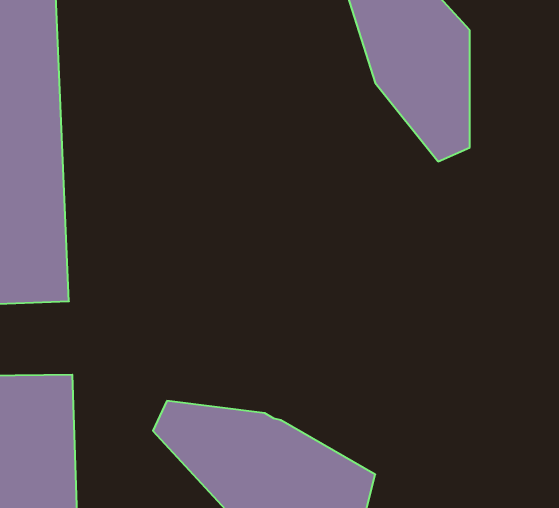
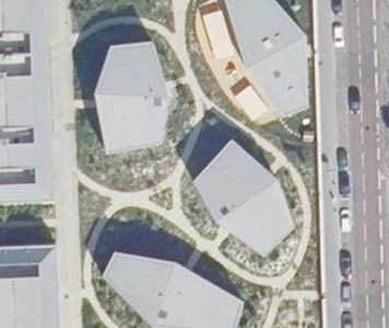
building: none -> [95,42,167,152]
building: none -> [190,139,291,255]

